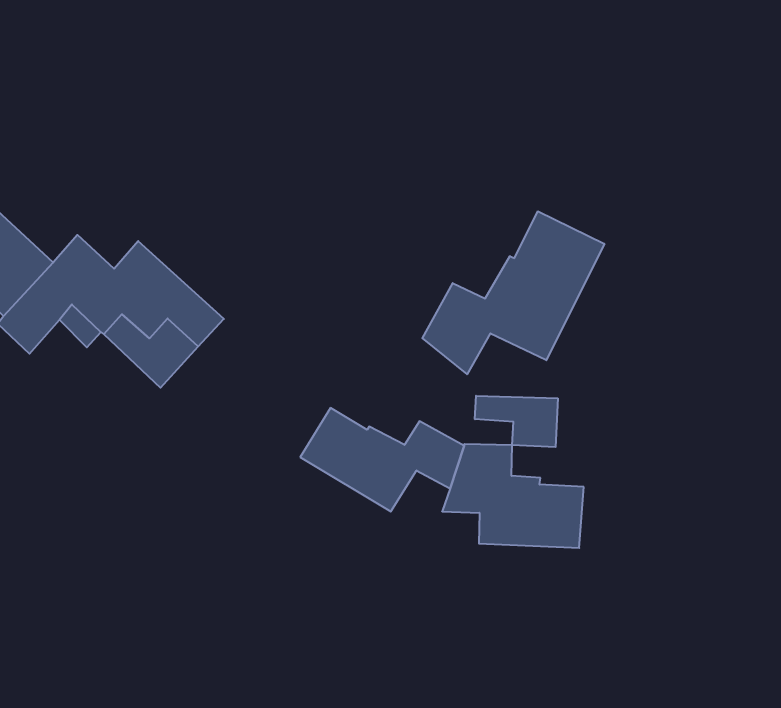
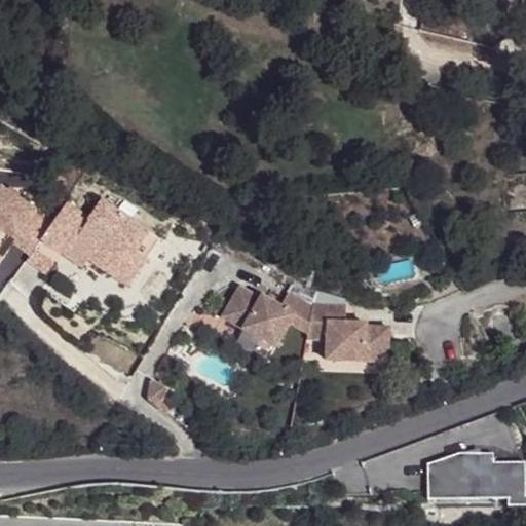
building: [422,211,604,374] -> none
building: [475,396,558,447] -> none

